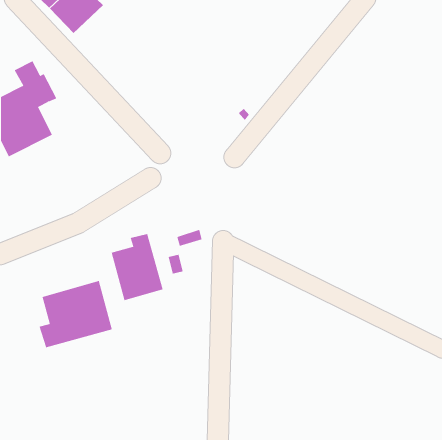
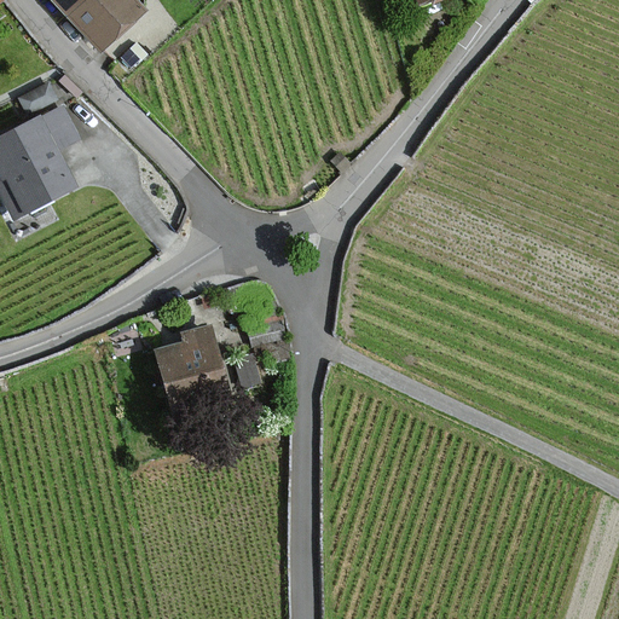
building: [39,280,113,348] -> none

